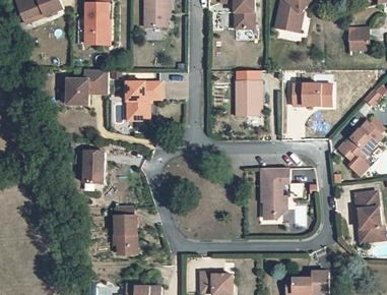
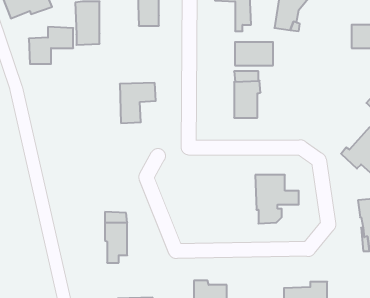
building: [66,67,109,103] -> [29,27,73,64]
building: [293,78,329,101] -> [235,42,273,65]
building: [82,150,104,181] -> none

